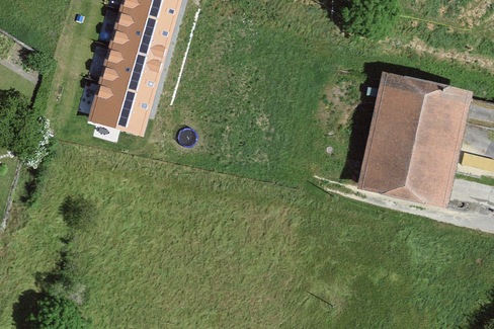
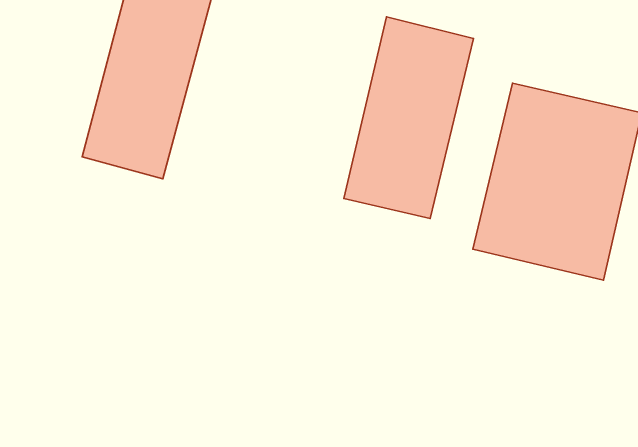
building: none -> [344,17,474,218]

